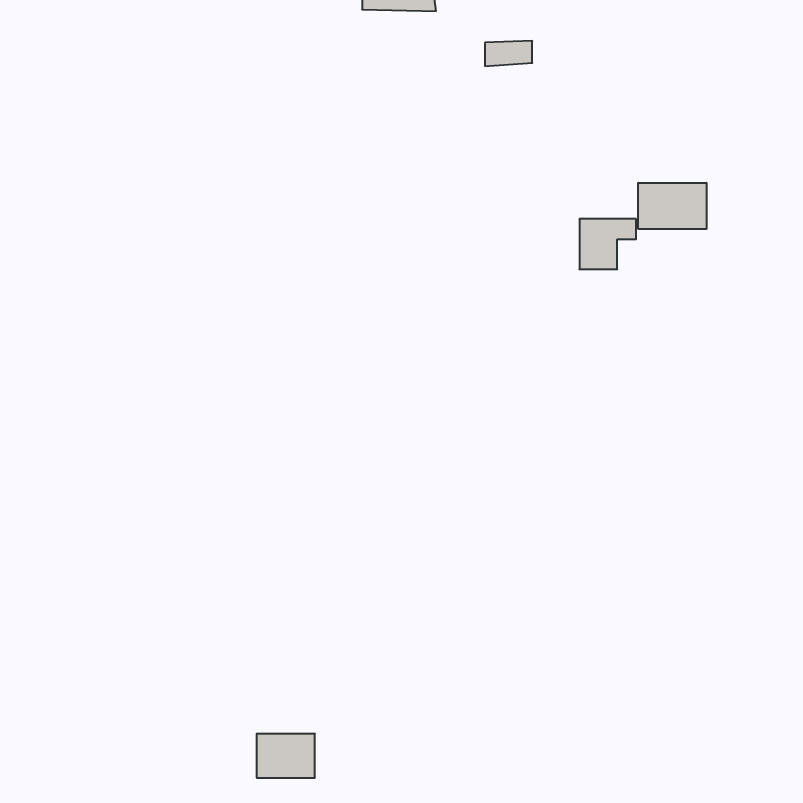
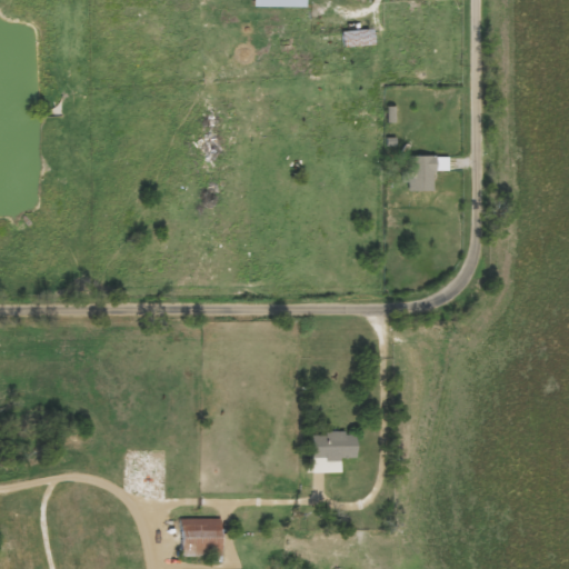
building: [638,183,706,229] -> none
building: none -> [312,431,358,468]

